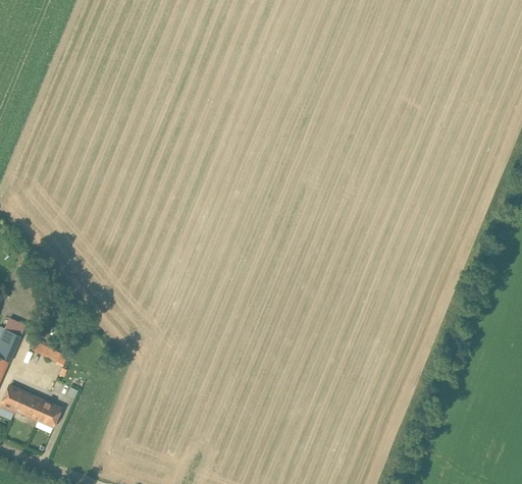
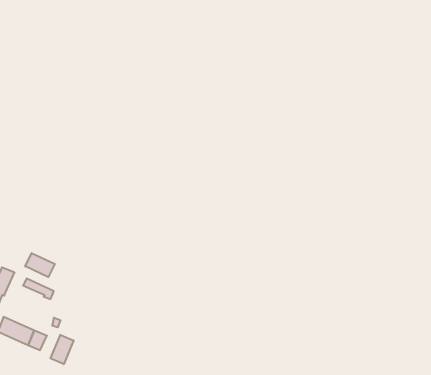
building: none -> [25,253,55,277]
building: none -> [51,335,74,364]

